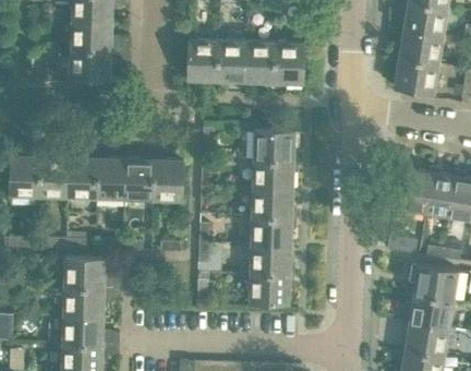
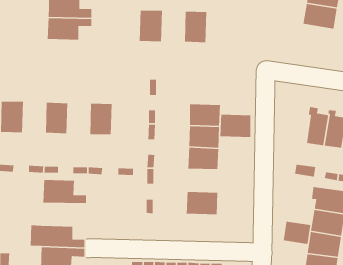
building: [218,39,247,81] -> none
building: [275,41,305,83] -> none
building: [394,58,438,94] -> none
building: [253,130,293,160] -> [220,114,251,138]
building: [40,156,70,198] -> none
building: [97,158,126,200] -> none
building: [154,159,184,201] -> none
building: [250,243,290,273] -> none
building: [64,287,122,316] -> none
building: none -> [283,221,311,245]

